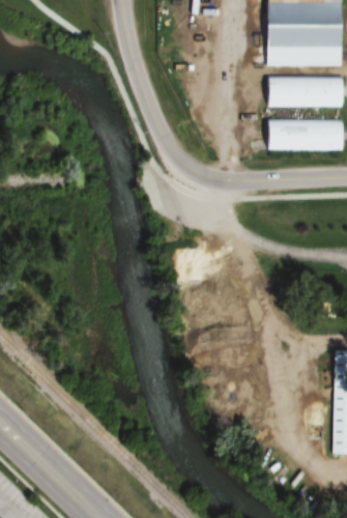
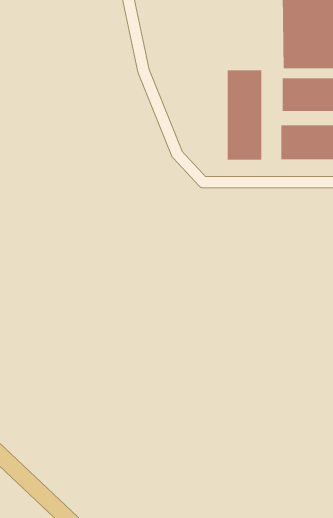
building: none -> [227,70,262,161]

